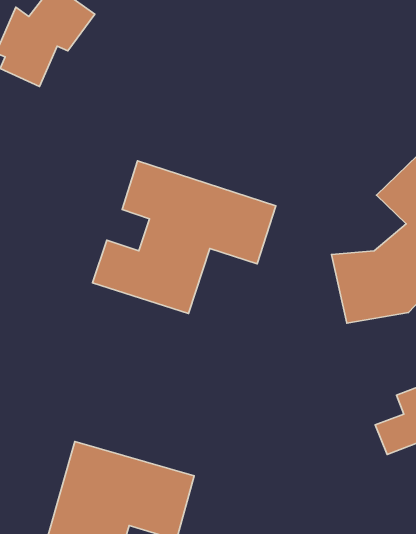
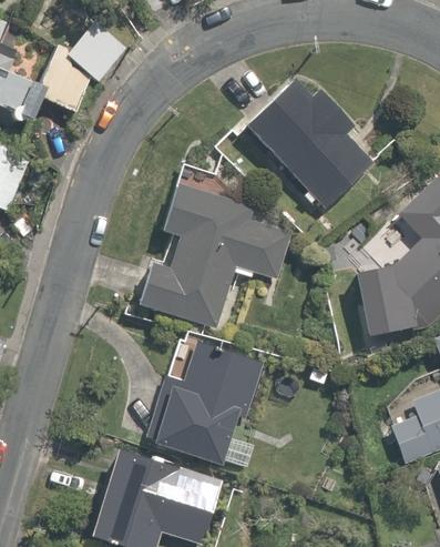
building: none -> [245,77,377,209]
building: none -> [150,341,270,473]

